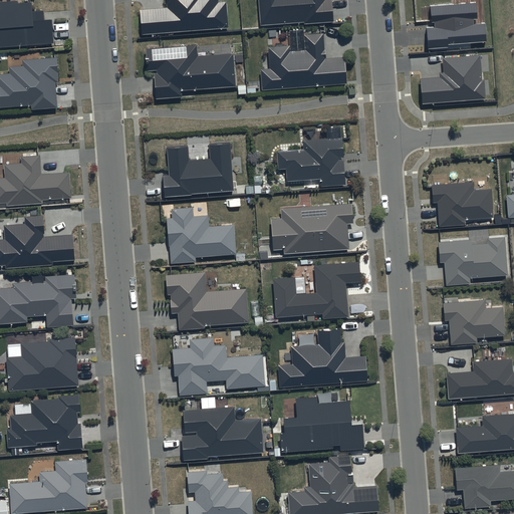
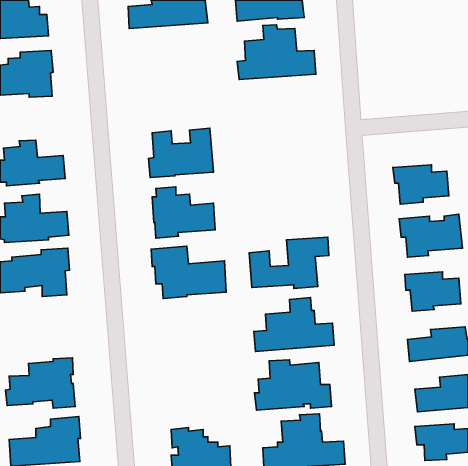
building: [427,6,487,52] -> none
building: [146,44,236,98] -> none
building: [420,55,485,103] -> none
building: [276,138,344,186] -> none
building: [270,204,352,253] -> none
building: [6,337,78,391] -> none
building: [172,337,265,395] -> none
building: [182,407,263,461] -> none

